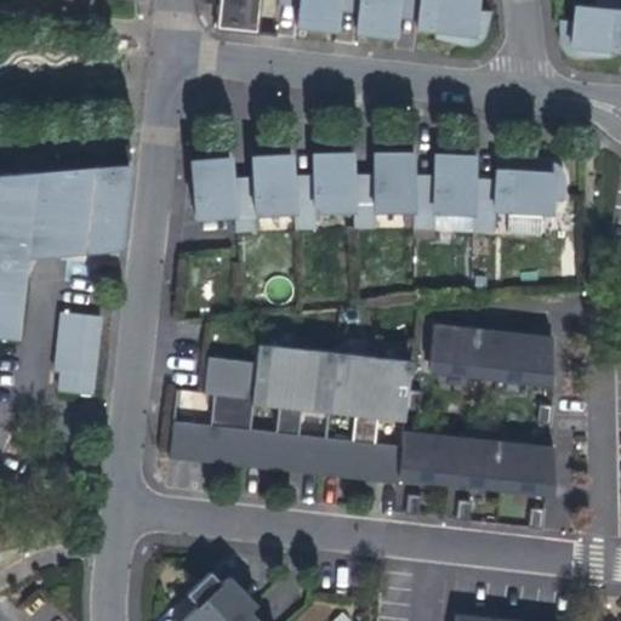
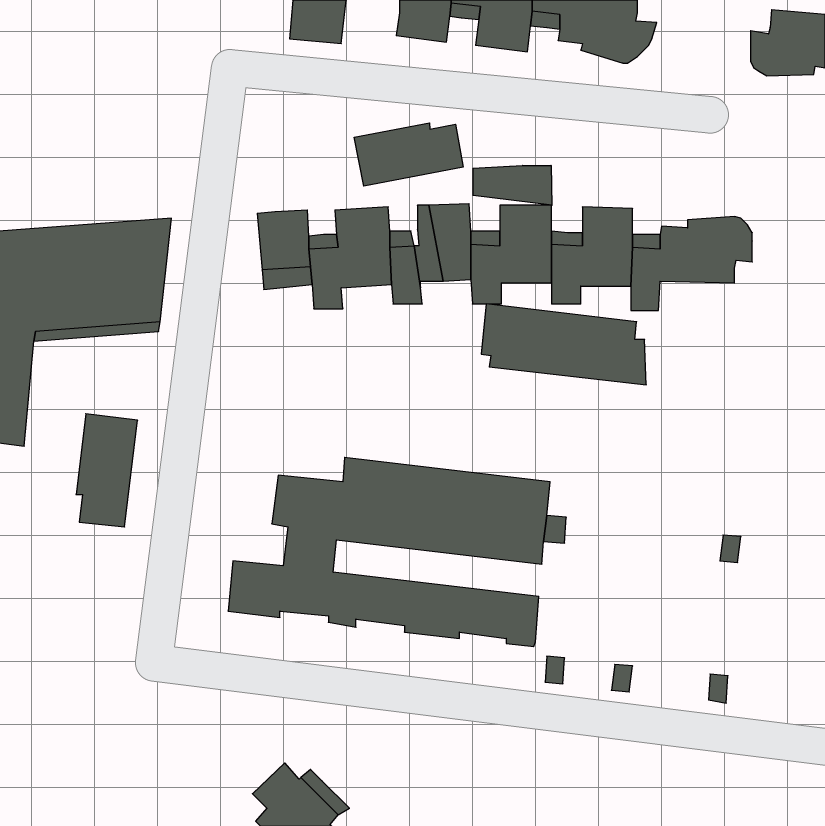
building: none -> [354,123,463,186]
building: none -> [473,165,552,205]
building: [433,320,557,381] -> [481,304,646,385]
building: [401,433,558,490] -> none

